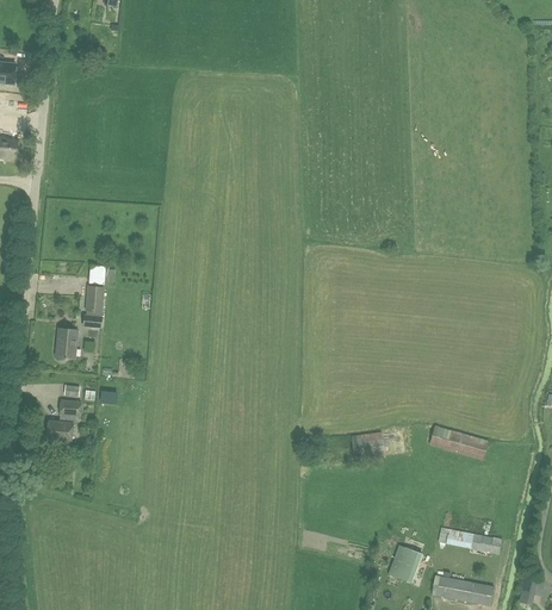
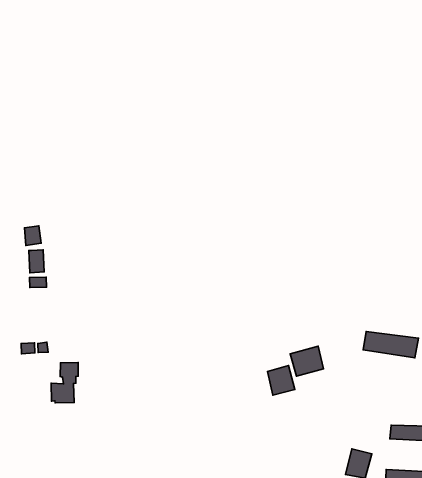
building: [55,328,76,357] -> none
building: [45,399,80,443] -> [51,363,78,403]
building: none -> [268,365,295,395]

